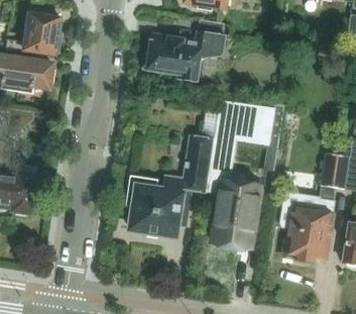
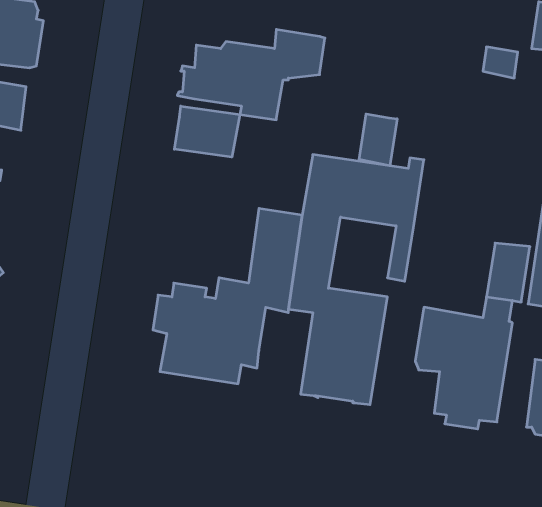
building: none -> [174,106,240,157]
building: none -> [359,114,397,166]

